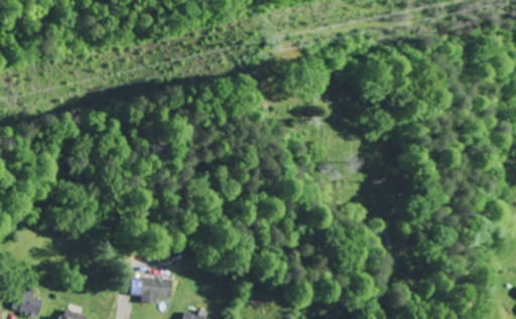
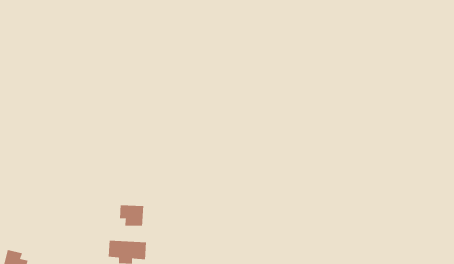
building: none -> [119,204,144,227]

